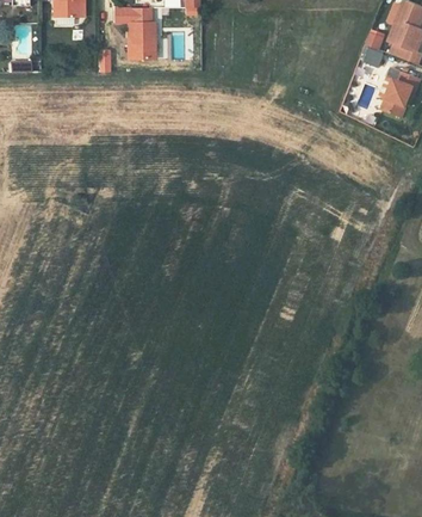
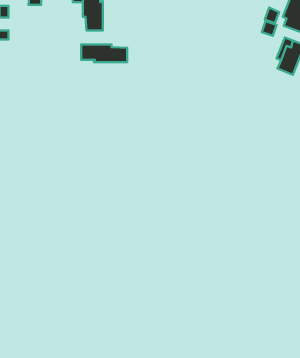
building: none -> [81,45,127,62]

